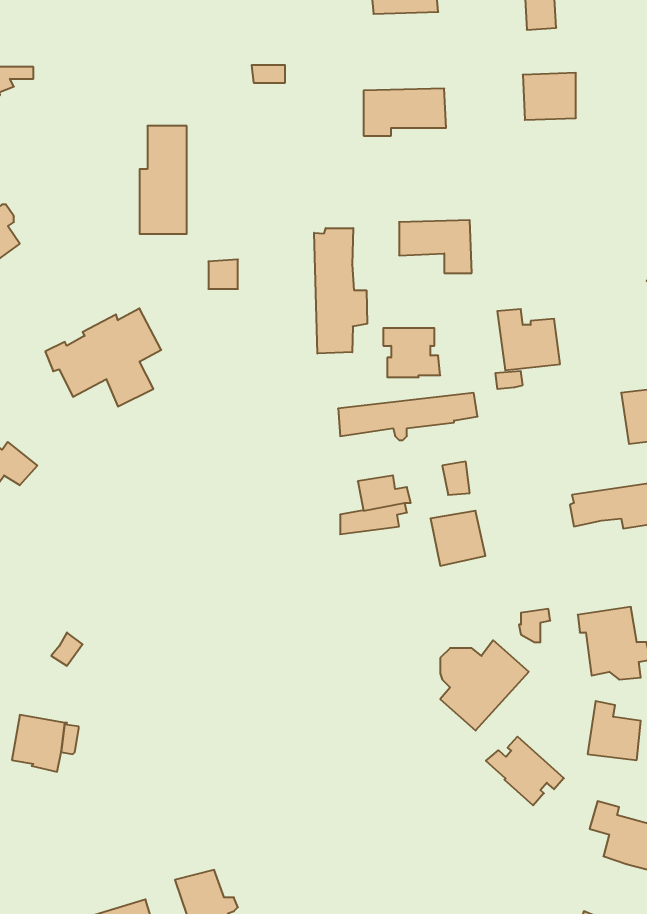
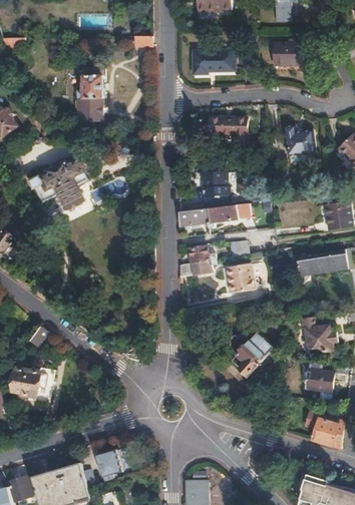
building: [314,228,367,354] -> none
building: [497,309,560,370] -> [284,123,316,154]
building: [486,737,564,805] -> none

